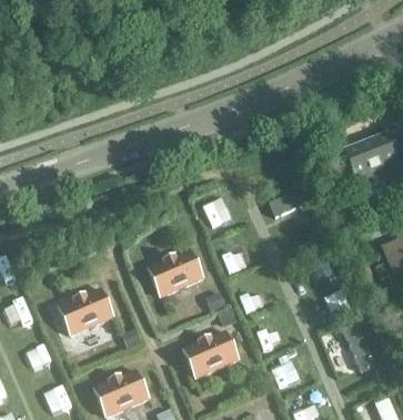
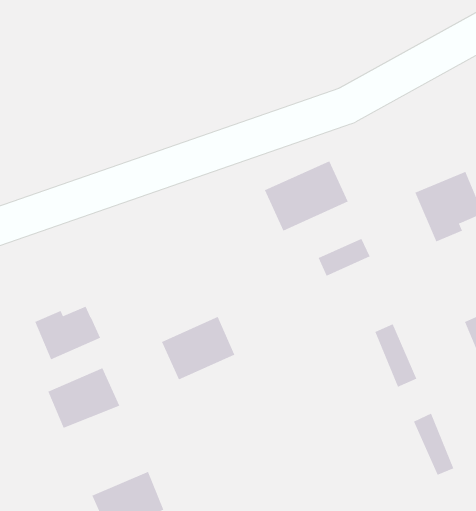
building: none -> [264,160,349,231]
building: none -> [34,306,101,360]
building: [183,329,240,379] -> none

